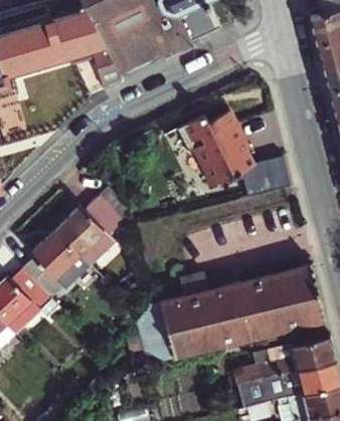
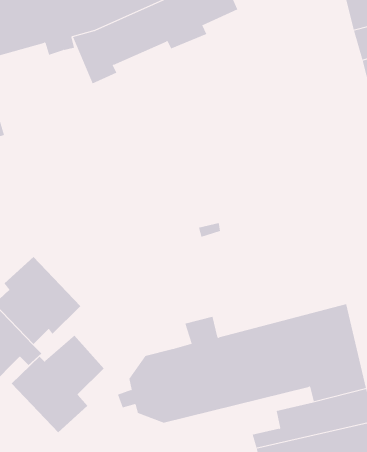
building: [166,112,291,197] -> none
building: [57,188,133,267] -> [11,335,104,433]

